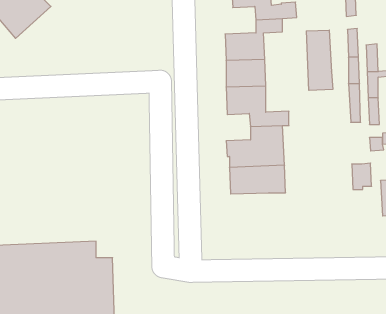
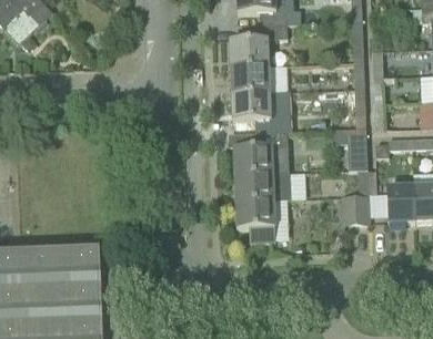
building: [306,30,333,90] -> none
building: none -> [346,125,366,167]
building: none -> [341,193,369,220]
building: none -> [234,196,275,238]

